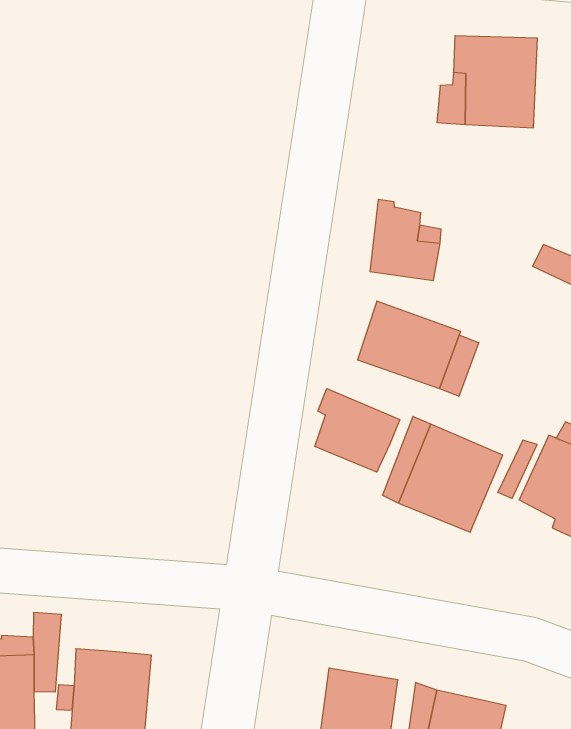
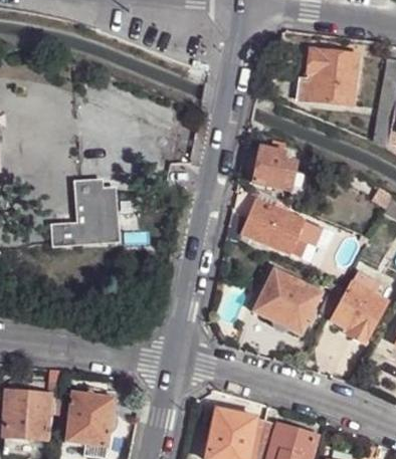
building: none -> [53,181,116,242]
building: [315,389,400,472] -> none

